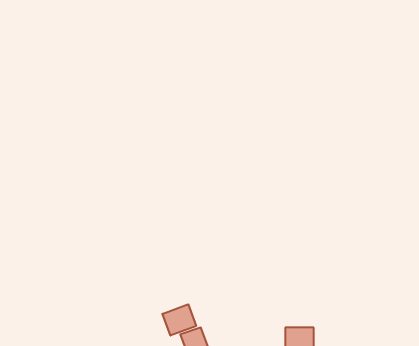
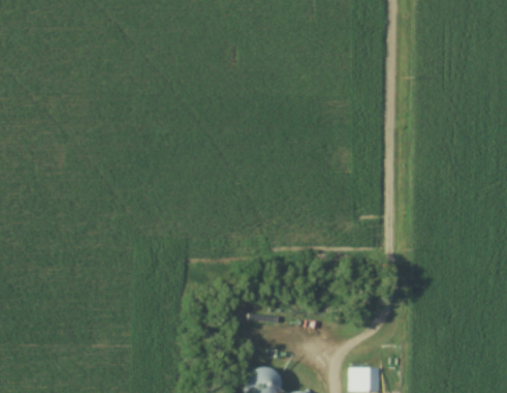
building: [162,304,196,336] -> none

